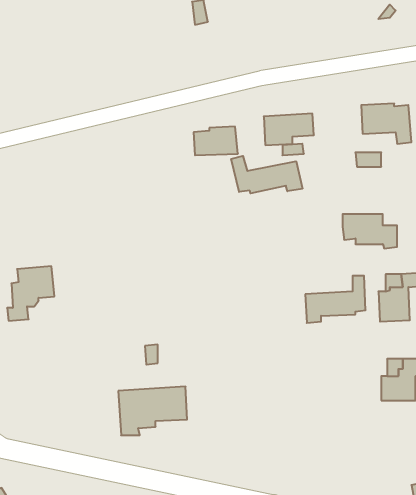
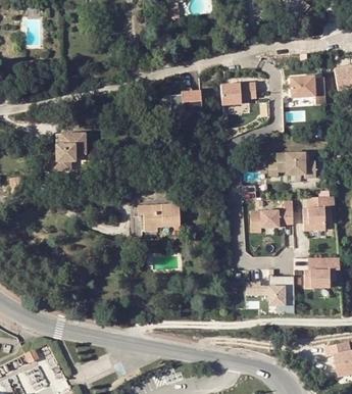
building: [231,156,302,193] -> none
building: [7,266,54,321] -> [50,131,84,169]
building: none -> [245,276,294,306]
building: [118,387,187,435] -> [131,203,180,238]

